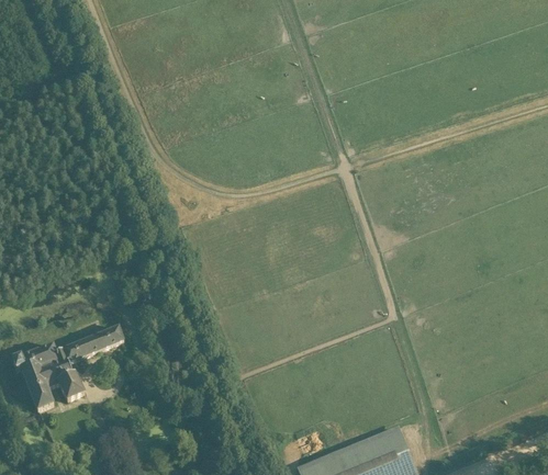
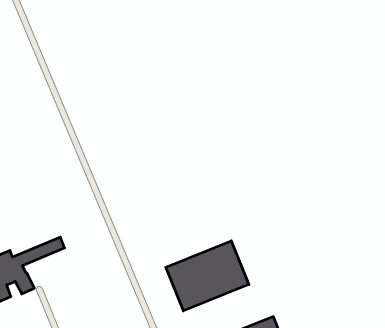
building: none -> [166,241,249,311]

